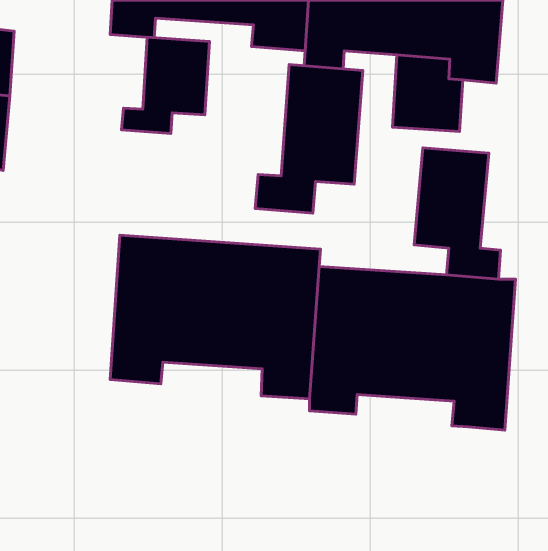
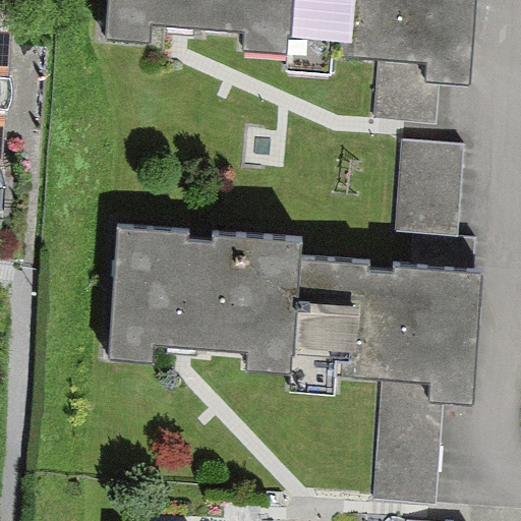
building: [122,37,209,133] -> none
building: [255,65,363,213] -> none
building: none -> [373,375,442,501]

